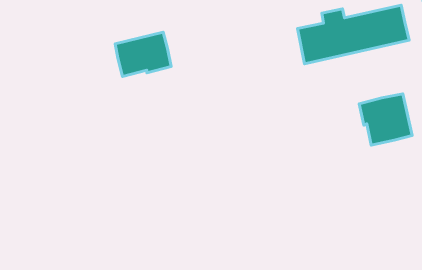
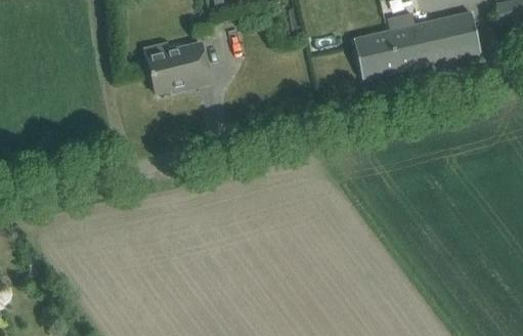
building: [359,94,412,145] -> none

